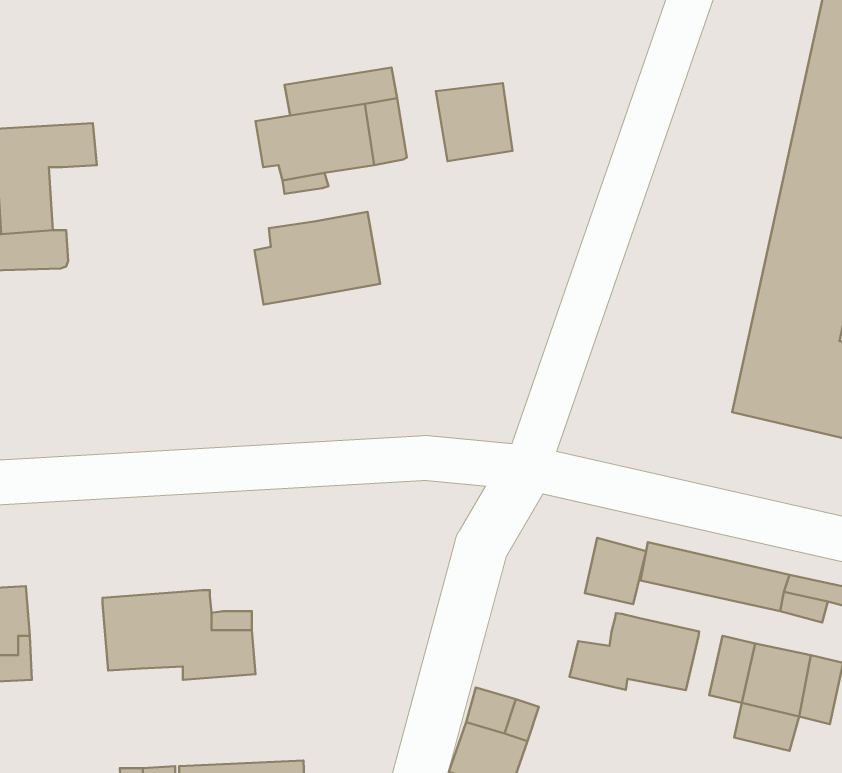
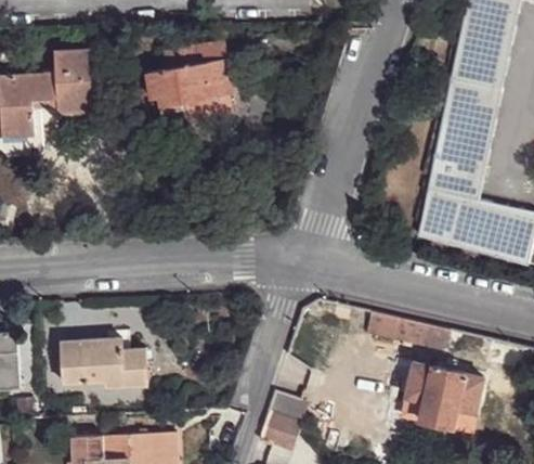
building: none -> [54,50,97,113]
building: [436,83,513,161] -> none
building: [255,212,380,304] -> none
building: [585,538,646,604] -> none
building: [570,613,699,690] -> none

